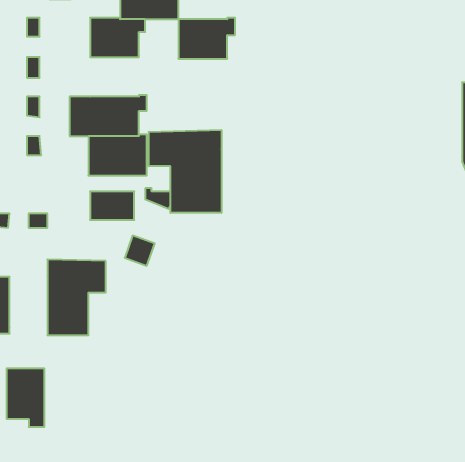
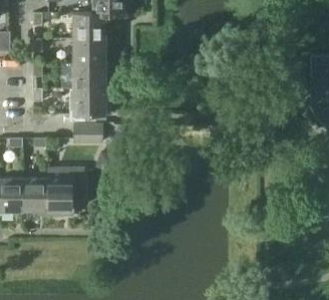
building: [178,18,235,59] -> [74,37,110,63]
building: [149,130,221,213] -> none
building: [7,368,44,427] -> [23,178,47,215]

